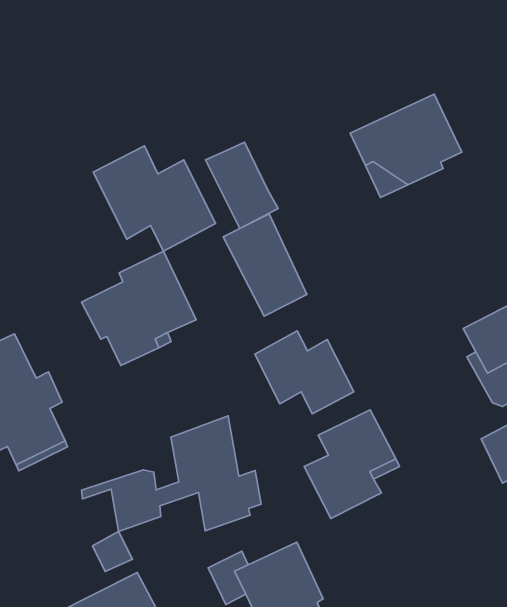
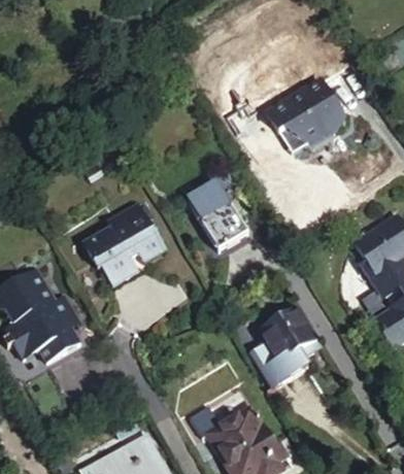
building: [206,142,278,228] -> none
building: [93,146,215,251] -> none
building: [255,331,354,414] -> none
building: [81,416,261,532] -> none

